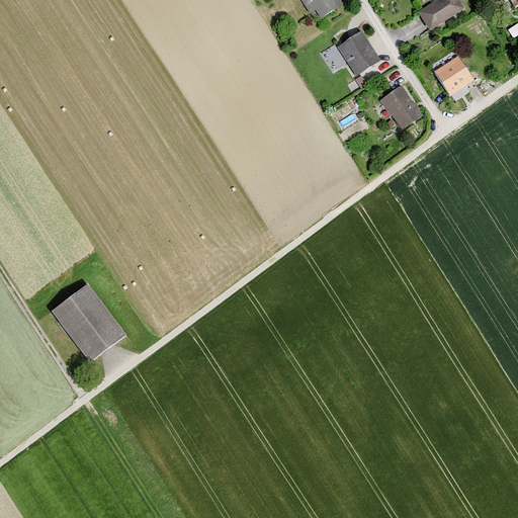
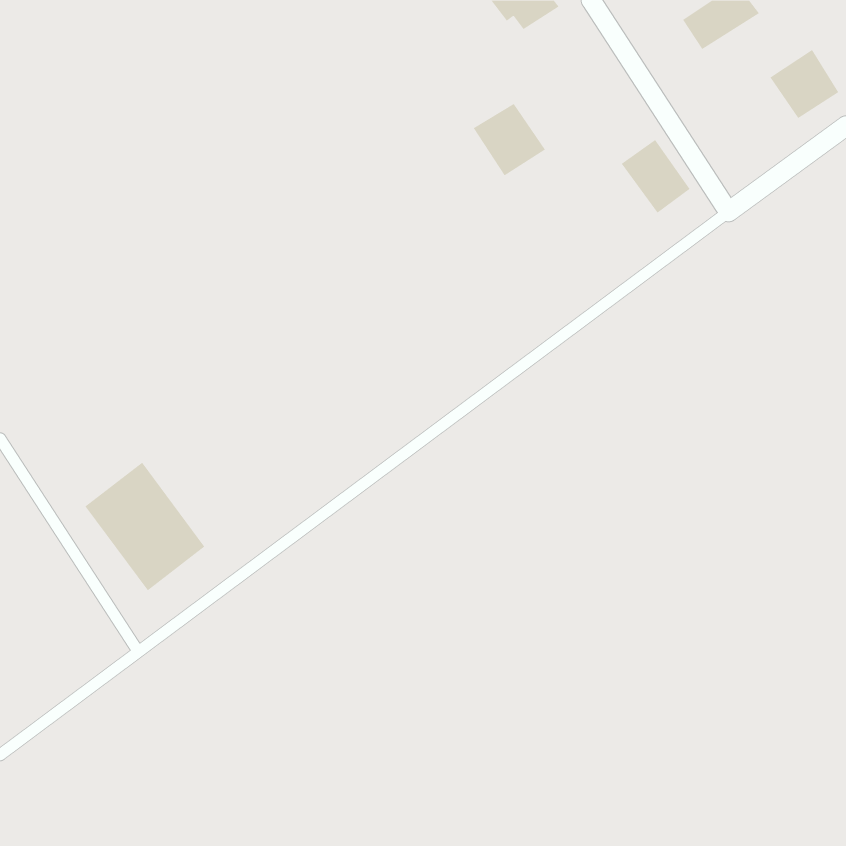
building: [336,31,380,76] -> [473,103,546,176]
building: [432,55,474,97] -> [770,49,839,119]

